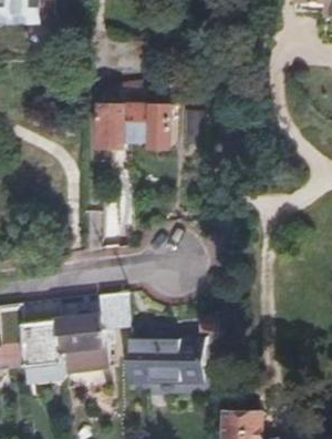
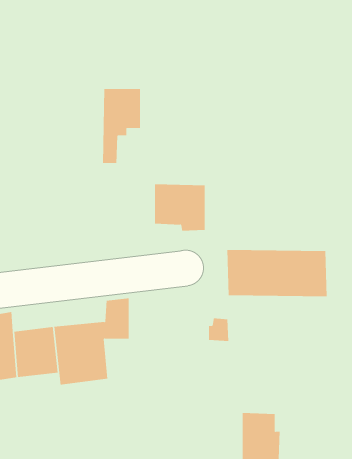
building: [131,109,176,151] -> [154,184,205,231]
building: [121,340,210,382] -> [227,249,328,297]

